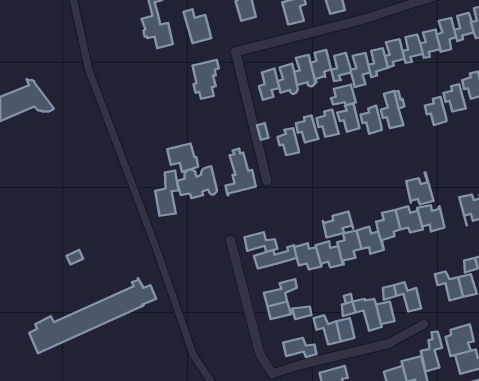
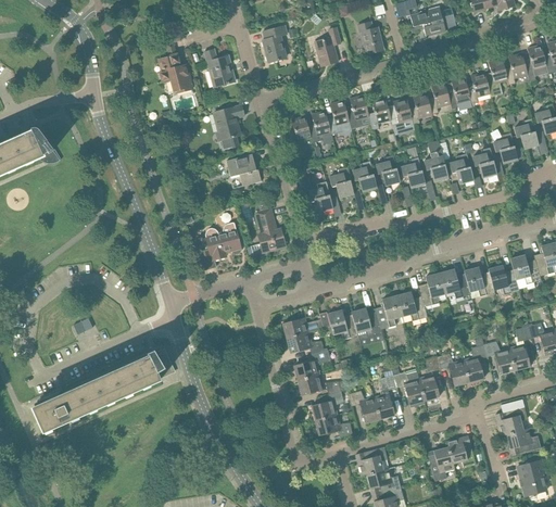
building: [331,84,356,105] -> none
building: none -> [448,153,473,183]
building: [167,143,198,172] -> [226,154,261,186]
building: [155,171,179,216] -> none
building: [406,172,433,205] -> [489,258,519,294]
building: [323,211,353,237] -> none
building: [244,232,278,252] -> [287,332,324,354]
building: none -> [311,391,343,420]
building: [421,331,442,371] -> [463,338,486,382]

